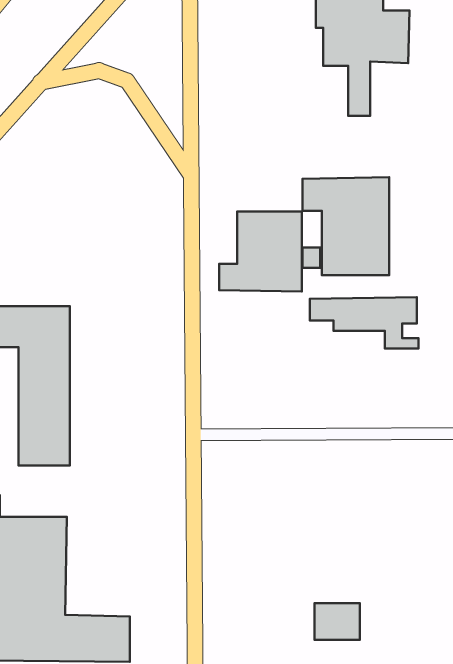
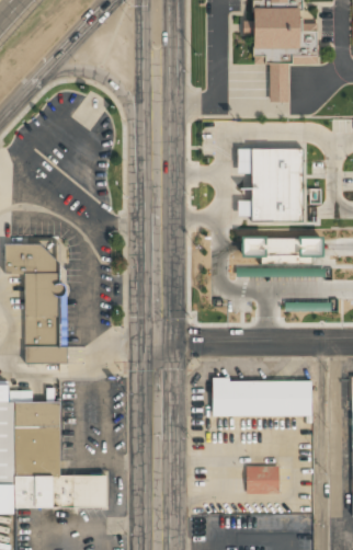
building: [219,211,302,291] -> none
building: none -> [212,379,312,416]

